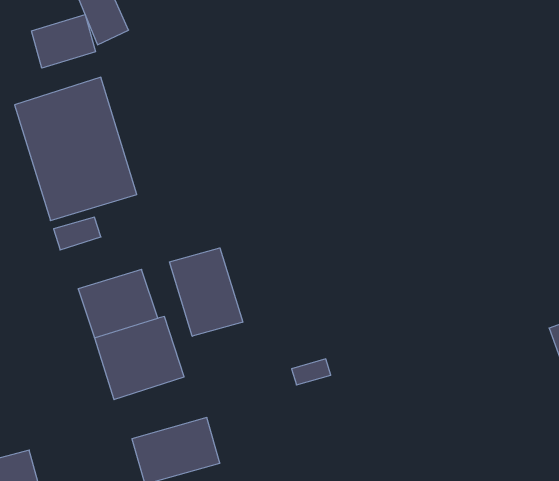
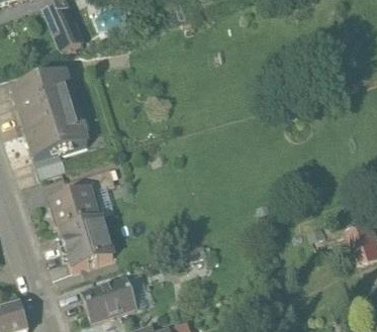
building: [32,14,96,68] -> none
building: [169,248,243,336] -> none

